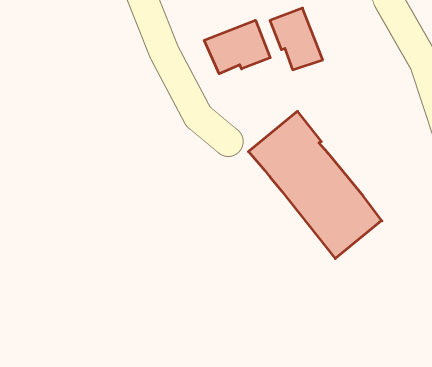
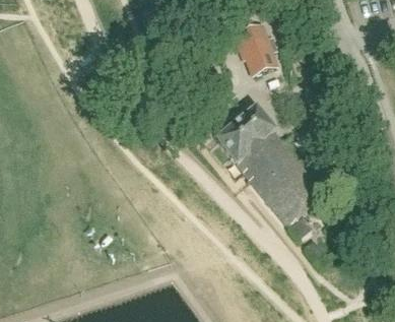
building: [204,20,270,74] -> none

